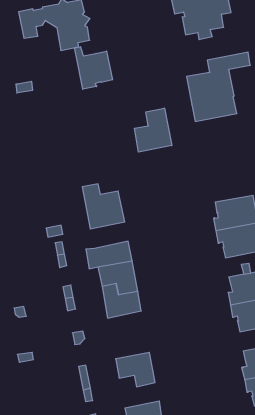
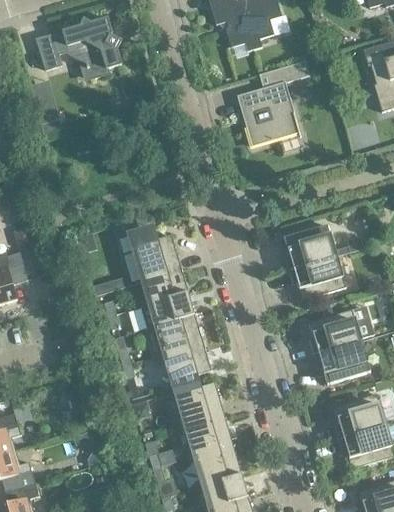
building: [75,47,113,89] -> none
building: [134,108,172,152] -> none
building: none -> [143,271,188,305]
building: none -> [176,384,225,432]
building: none -> [193,447,242,486]

